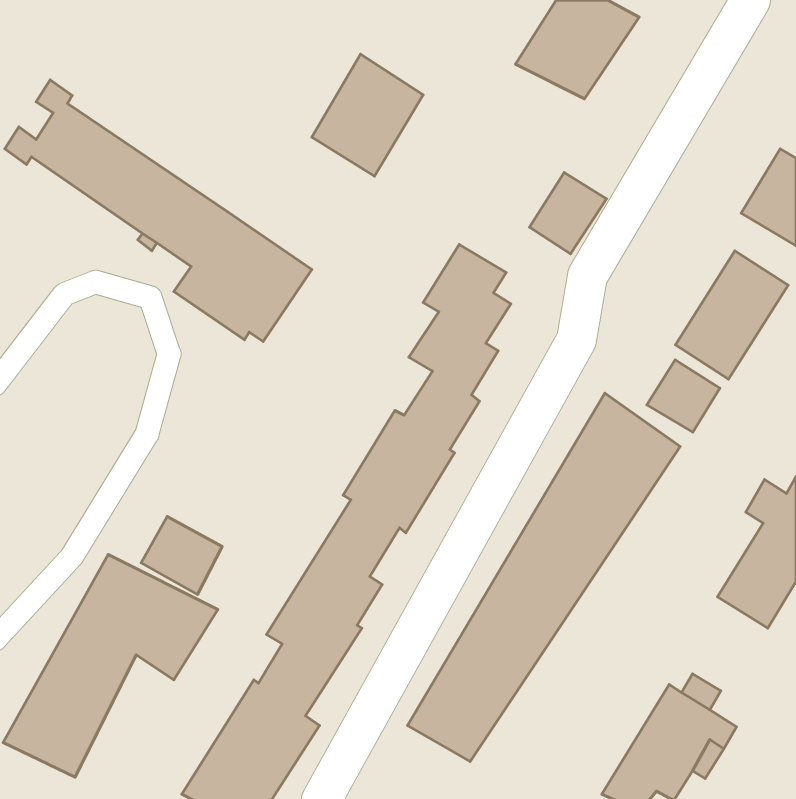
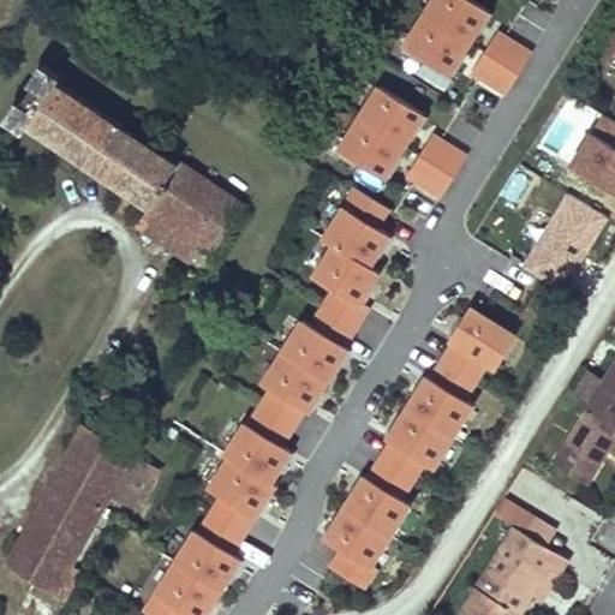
building: none -> [467,28,531,96]
building: [312,54,423,176] -> [341,90,426,184]
building: [647,360,720,432] -> none
building: [141,516,222,594] -> none

